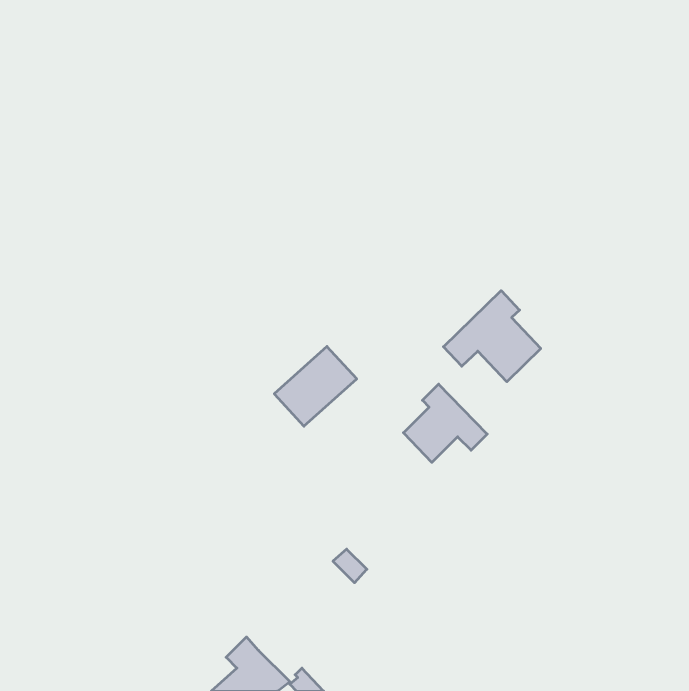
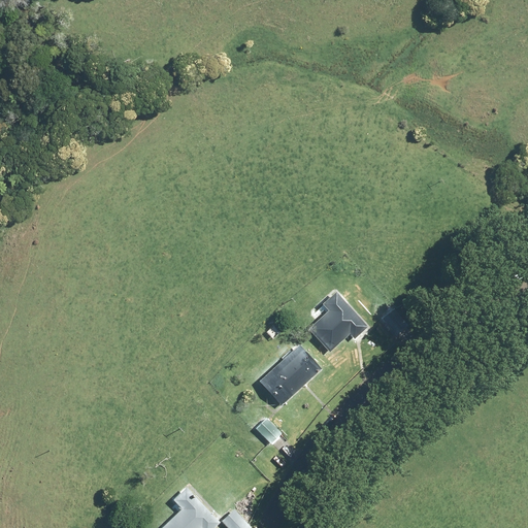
building: [443,291,541,382] -> none
building: [274,346,357,426] -> [258,345,321,406]

